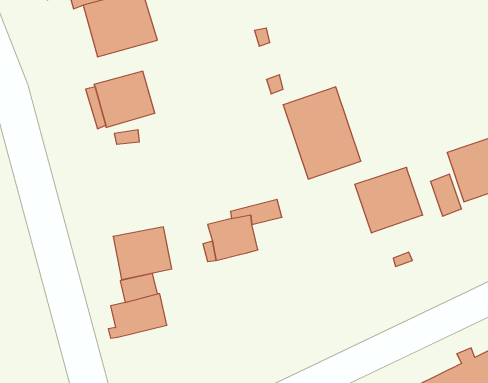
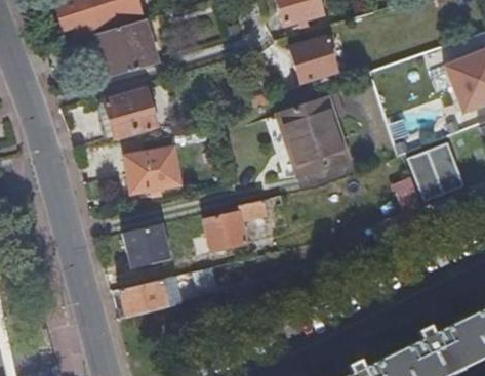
building: none -> [290,37,336,82]
building: none -> [127,148,181,194]
building: [355,167,423,233] -> none

